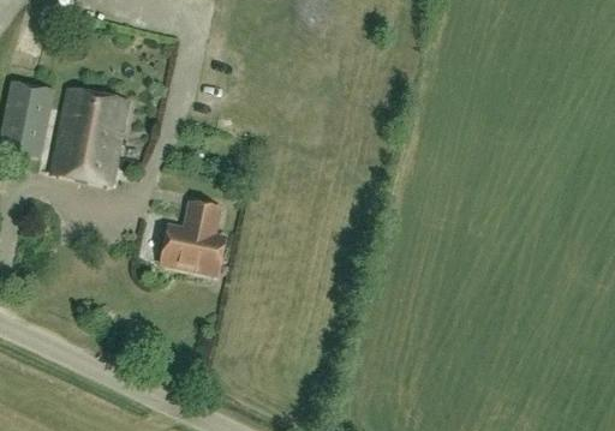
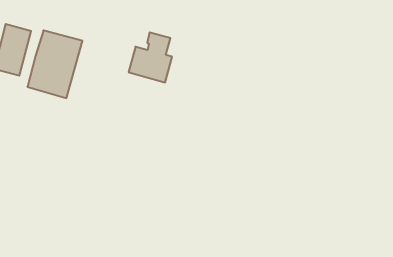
building: [163,200,226,273] -> [129,32,172,82]

